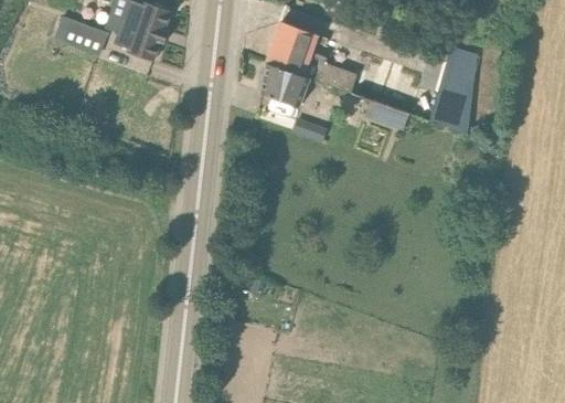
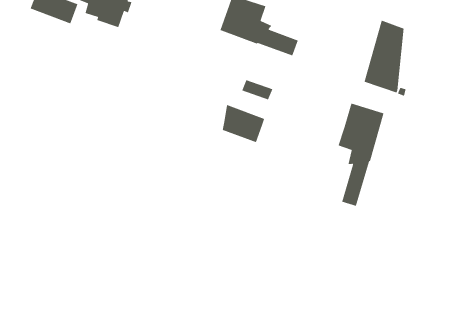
building: [260,63,310,107] -> [221,104,265,143]
building: [364,100,409,130] -> none
building: none -> [338,102,385,207]

